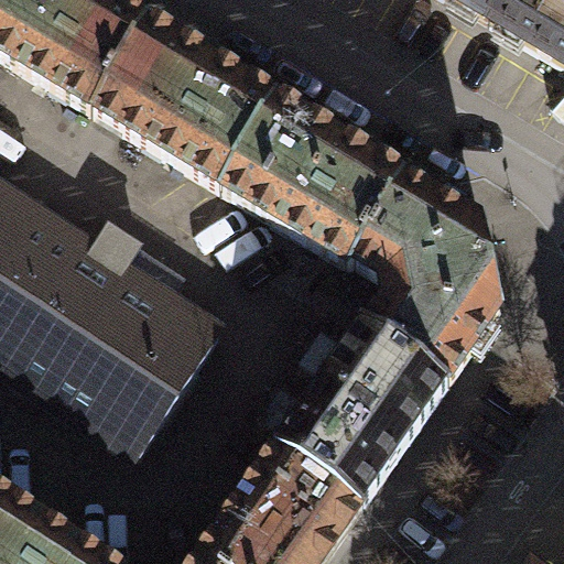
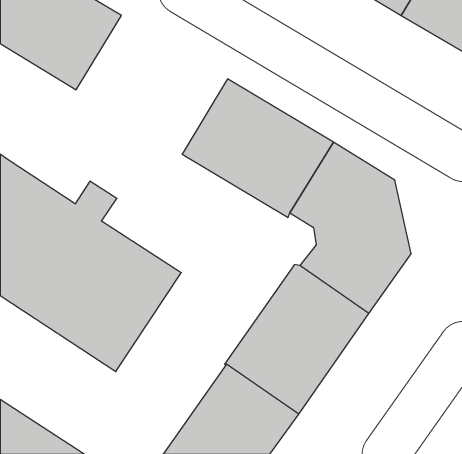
building: [94,19,278,187] -> none

